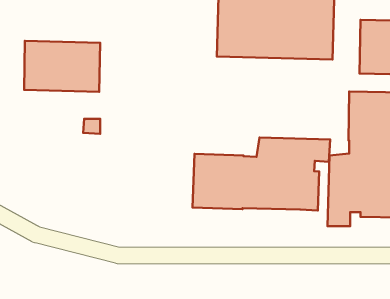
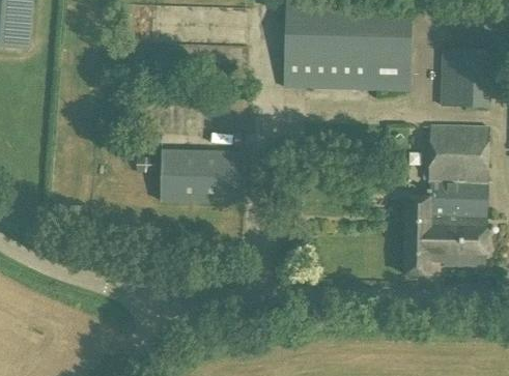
building: [24,41,100,92] -> [161,149,245,205]
building: [193,138,330,210] -> none

